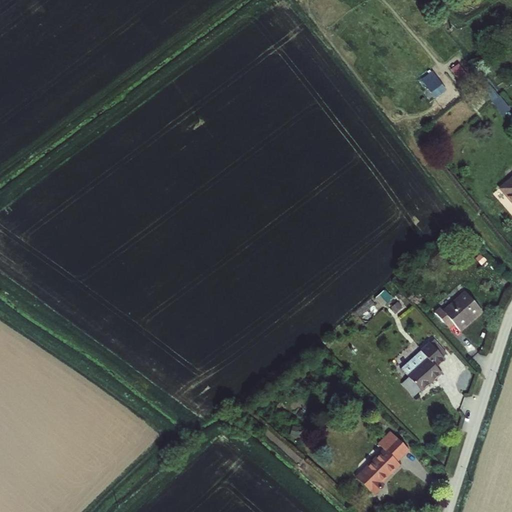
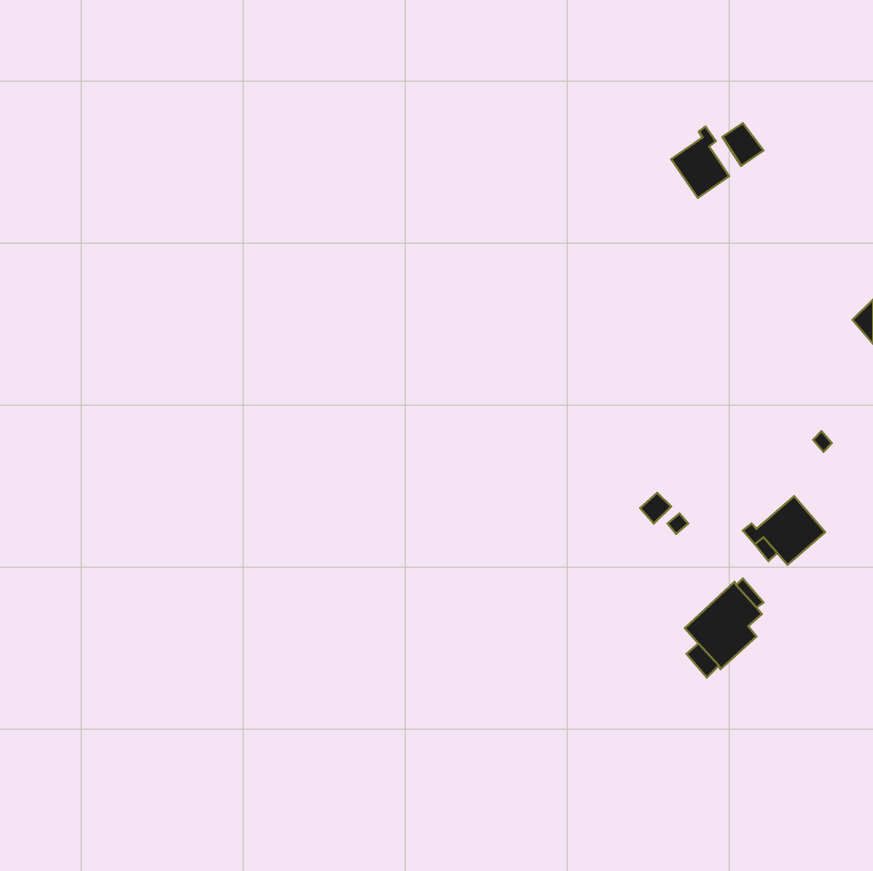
building: none -> [671,126,729,198]
building: [355,430,409,495] -> none

